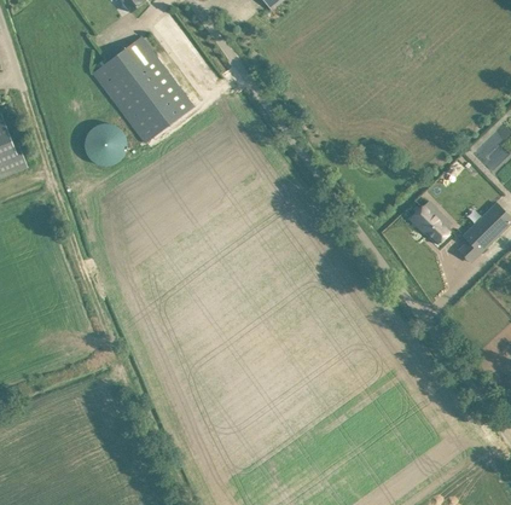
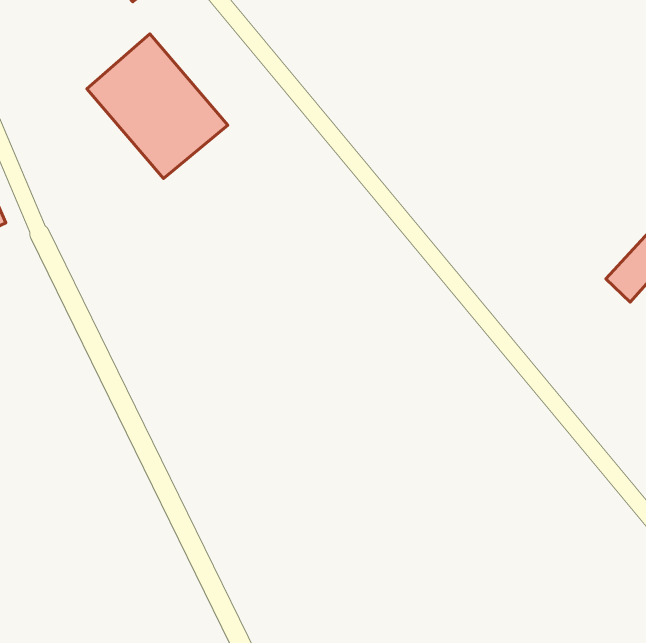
building: [83,123,127,167] -> none
building: [410,205,451,244] -> none

